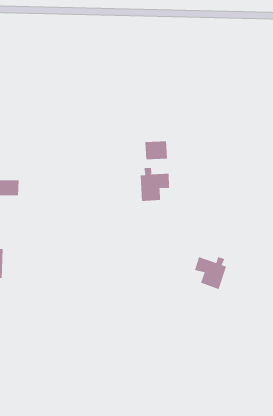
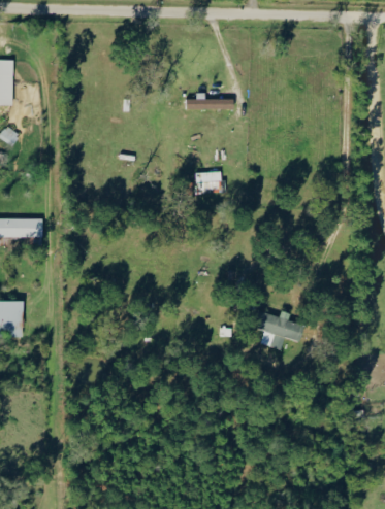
building: none -> [186,93,234,109]
building: [140,167,169,202] -> none

